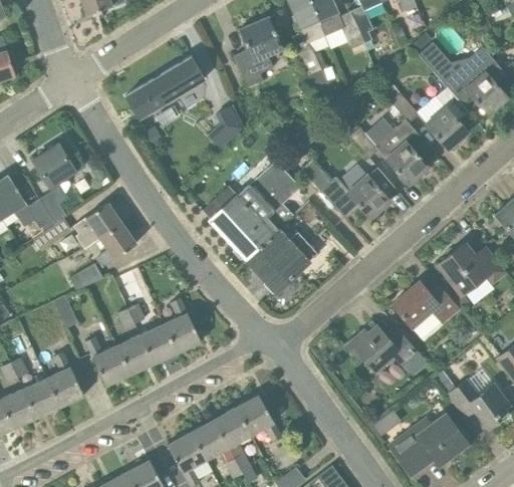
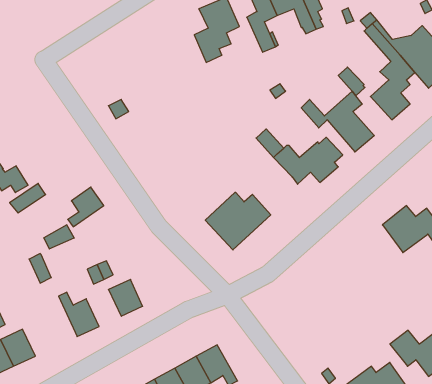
building: [125,57,206,118] -> none
building: [210,108,242,152] -> none
building: [32,144,83,221] -> none
building: [209,160,300,259] -> none
building: [73,203,120,249] -> none
building: [391,280,459,327] -> none
building: [164,297,201,352] -> none
building: [345,321,419,372] -> none
building: [115,334,154,375] -> none
building: [46,351,83,407] -> none

